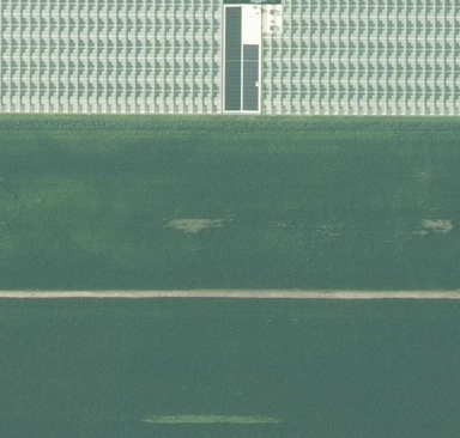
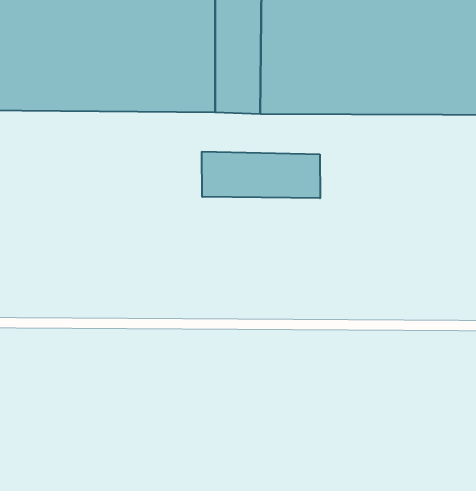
building: none -> [202,152,320,198]

